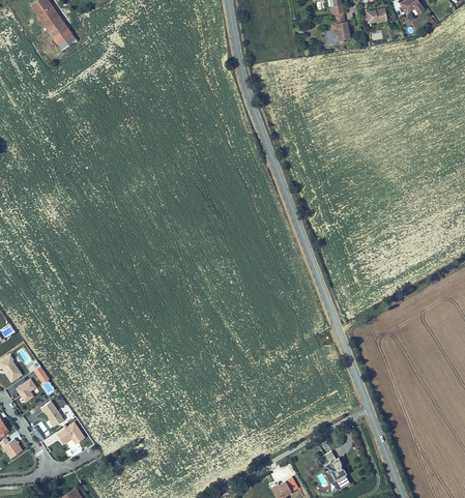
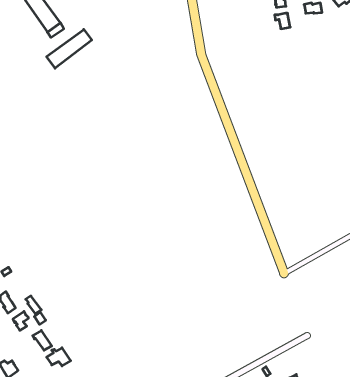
building: none -> [47,29,92,68]

